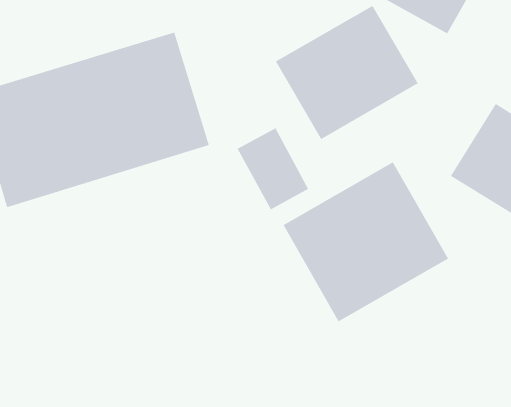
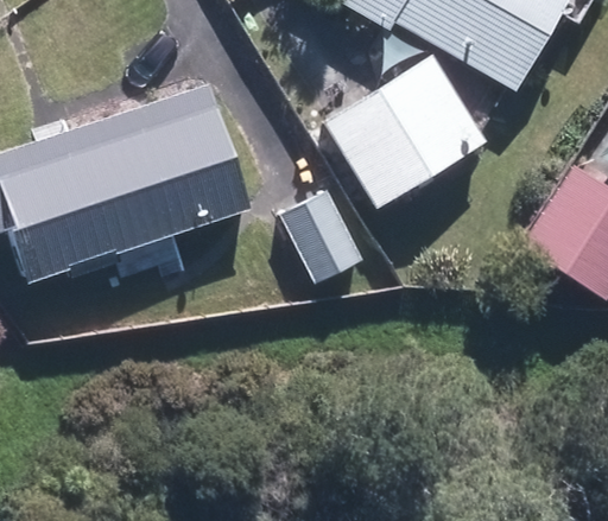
building: [282,161,449,323] -> none

